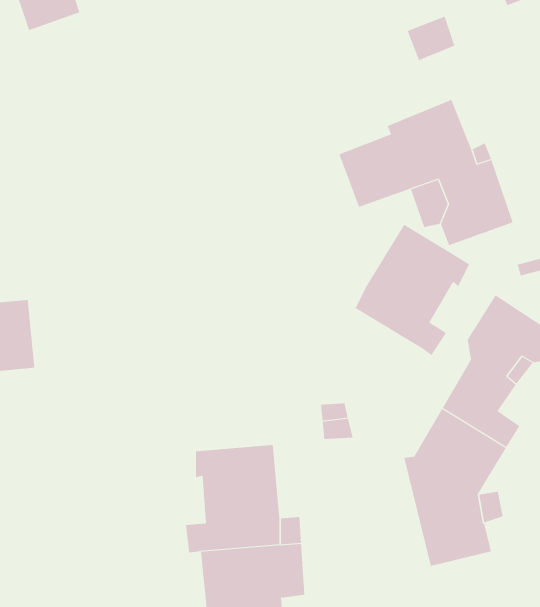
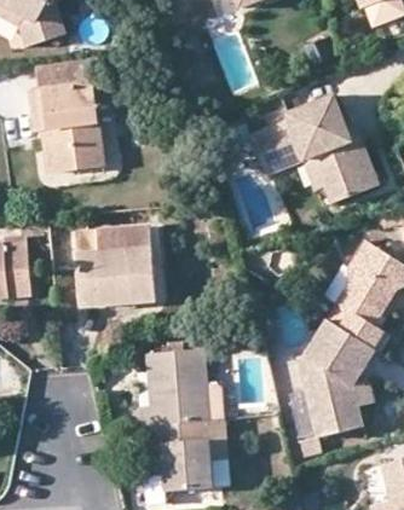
building: none -> [31,57,102,172]
building: [355,224,470,356] -> none
building: none -> [75,227,155,306]

